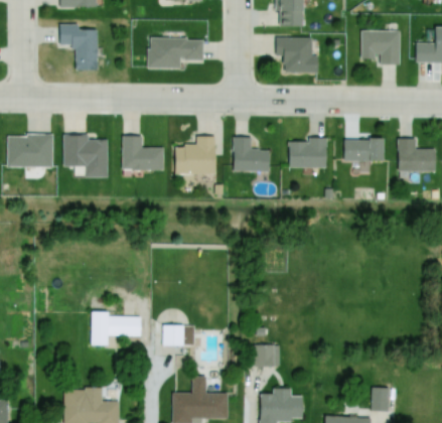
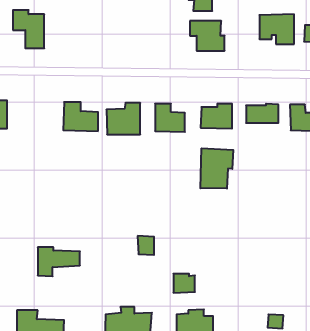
building: [147,37,204,69] -> none
building: [62,134,108,177] -> none
building: none -> [200,148,233,189]
building: [163,324,183,347] -> [138,236,154,255]

